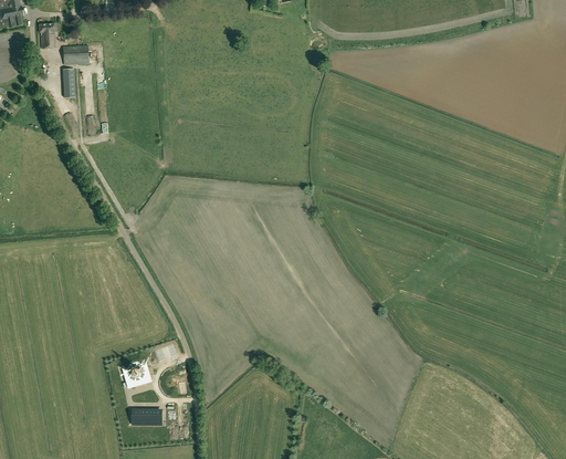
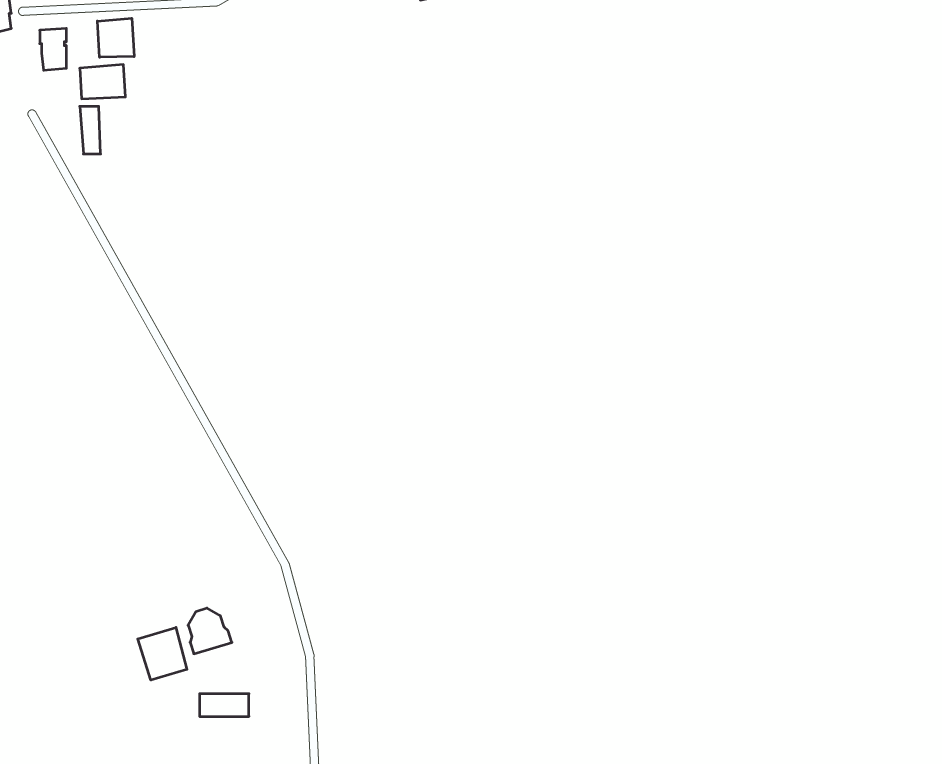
building: none -> [97,18,134,57]
building: none -> [138,627,187,680]

